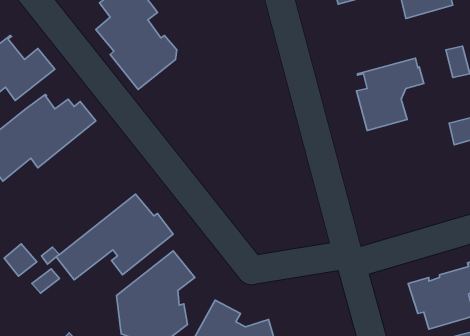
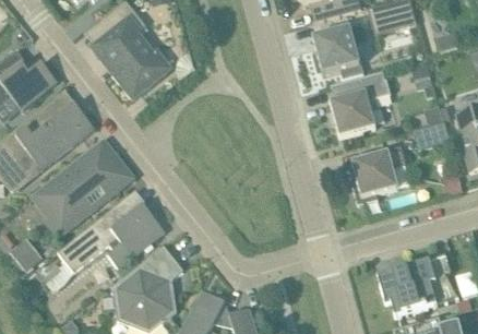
building: none -> [313,26,365,77]
building: none -> [33,145,134,226]
building: none -> [352,146,407,203]

